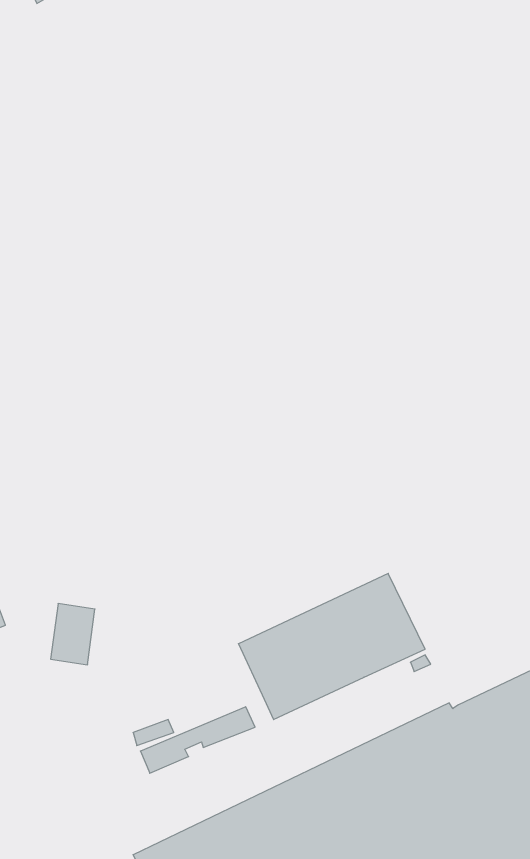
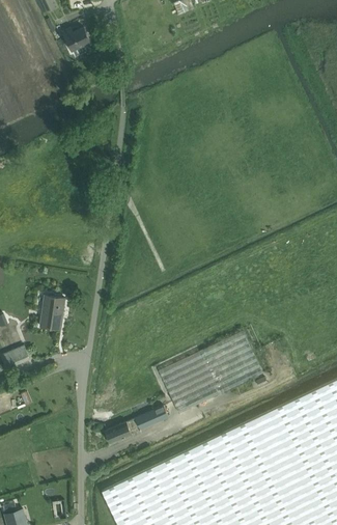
building: none -> [63,29,91,52]
building: [51,604,95,665] -> [39,298,64,332]

